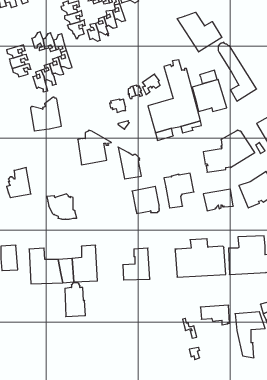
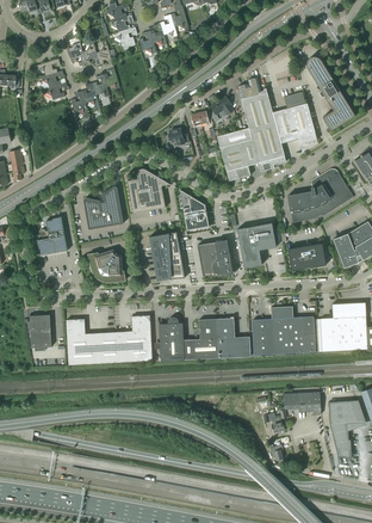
building: [177,12,222,52] -> none
building: [31,97,61,131] -> [85,184,124,227]
building: none -> [149,232,185,279]
building: none -> [217,315,250,357]
building: [65,283,85,317] -> [160,316,186,359]

